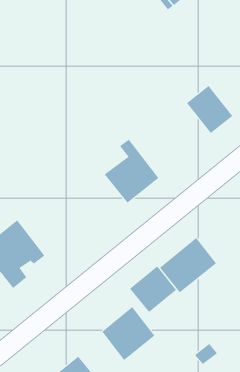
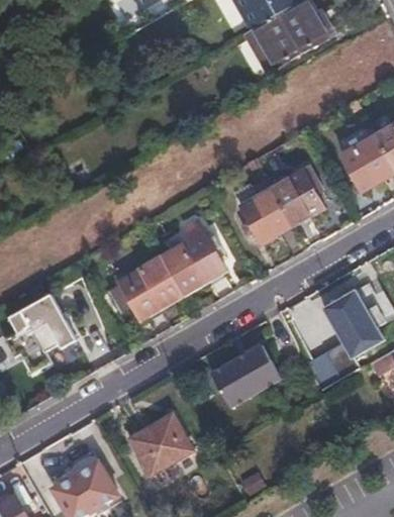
building: none -> [241,185,295,242]
building: none -> [111,253,184,317]
building: [129,266,177,313] -> none

